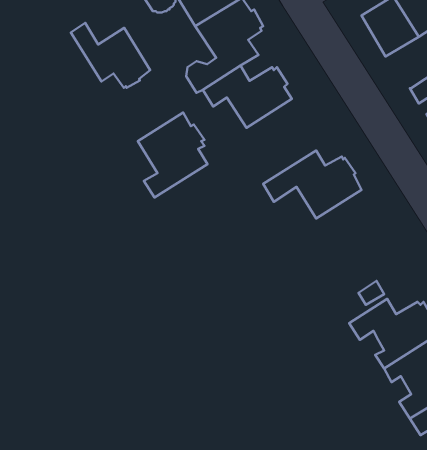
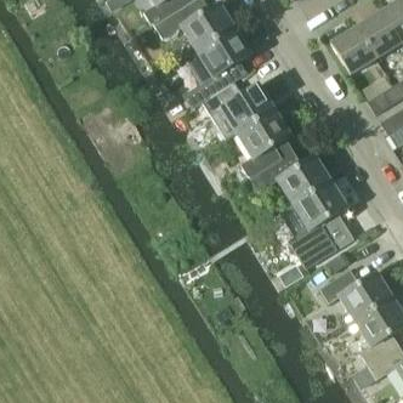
building: [71,23,150,88] -> none
building: [138,113,207,197] -> [237,108,293,176]
building: none -> [284,181,346,267]

